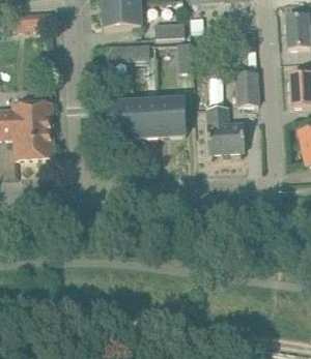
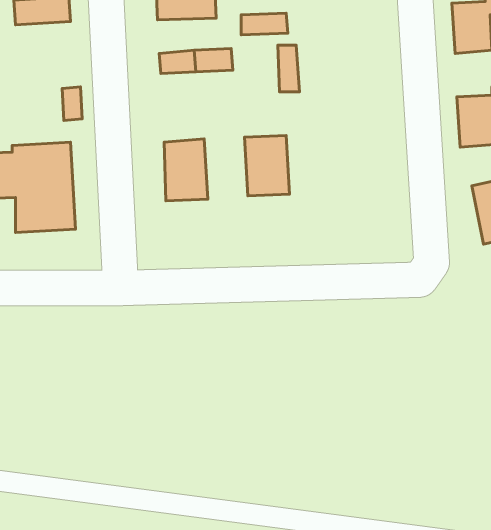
building: [235,71,258,106] -> none
building: [133,99,160,138] -> none
building: [207,106,245,152] -> none

